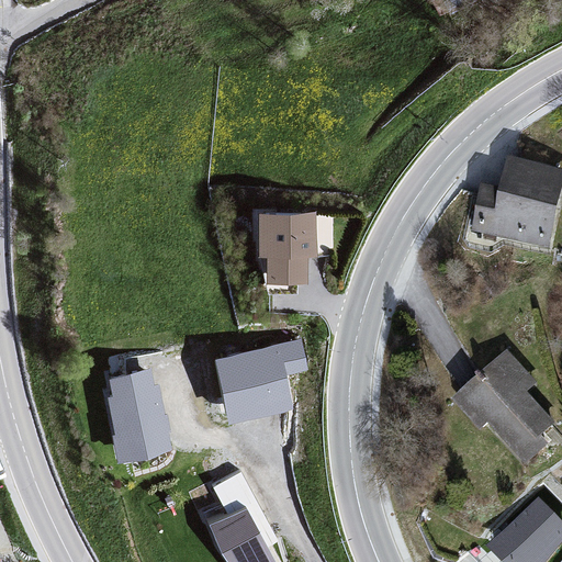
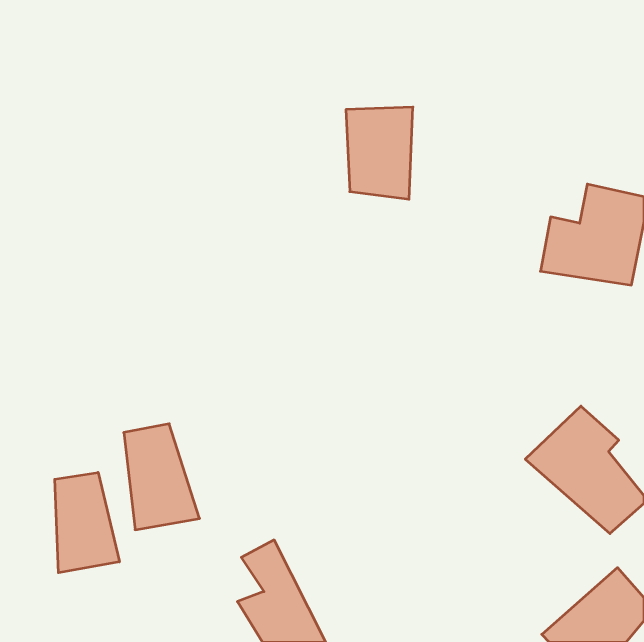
building: [258,212,316,292] -> [346,107,413,199]
building: [216,337,308,423] -> none
building: none -> [55,472,119,573]

